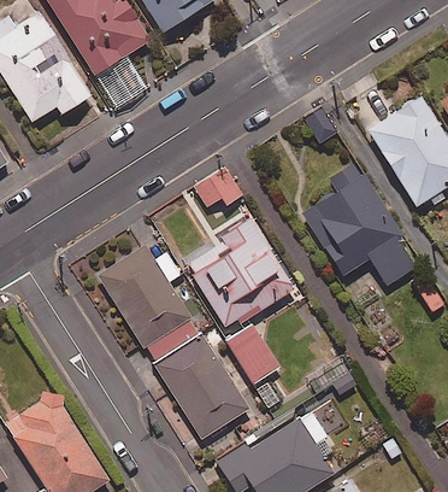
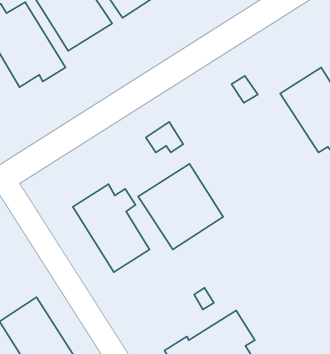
building: [302,163,415,285] -> none
building: [228,324,281,383] -> none
building: [157,334,249,438] -> none

